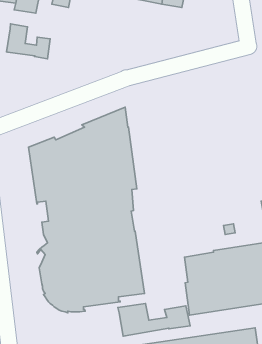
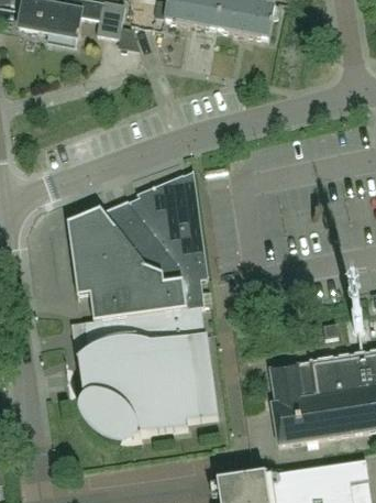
building: [7,24,50,59] -> none
building: [118,304,190,336] -> none

